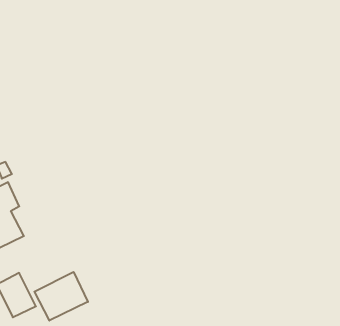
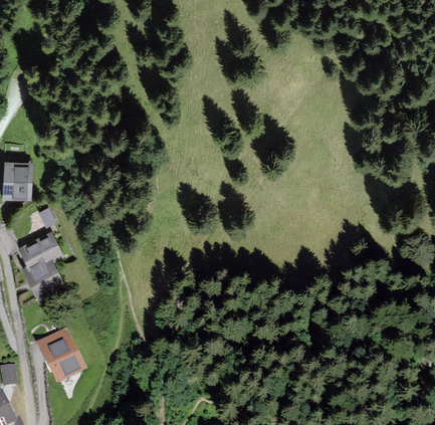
building: [34,272,88,321] -> none

